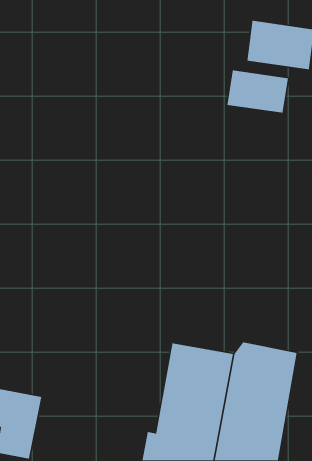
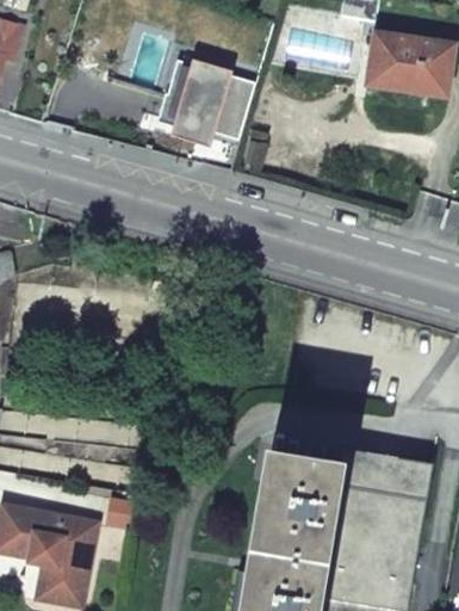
building: none -> [160,57,255,143]
building: [227,70,289,114] -> none

